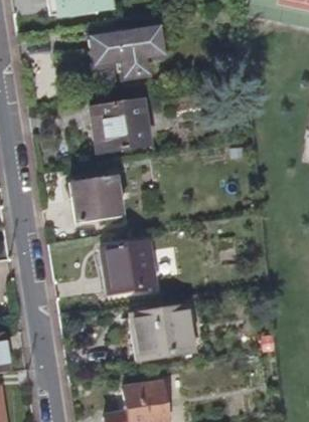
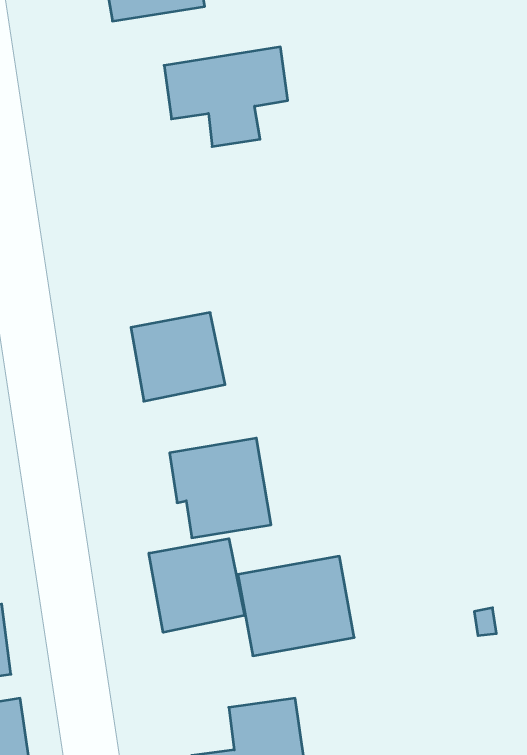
building: [89,96,149,149] -> none
building: none -> [149,539,244,632]

